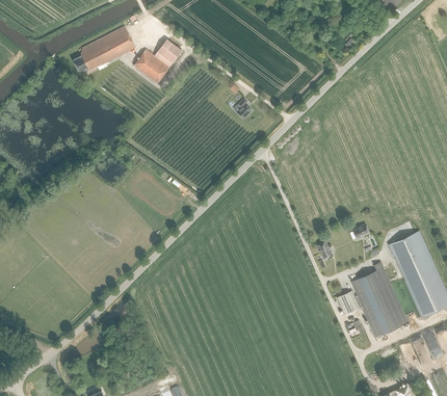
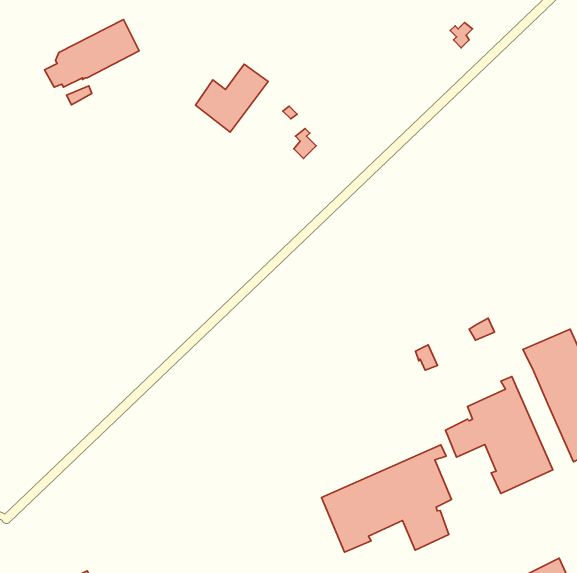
building: [134,38,182,83] -> [195,64,268,132]
building: none -> [321,445,452,552]

